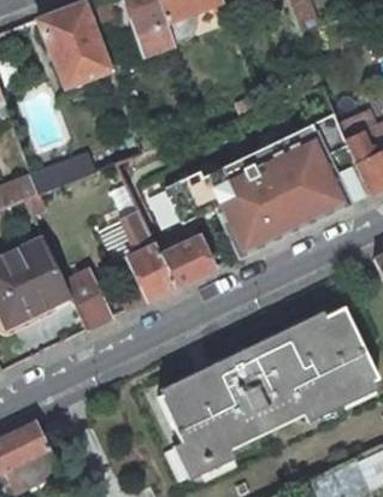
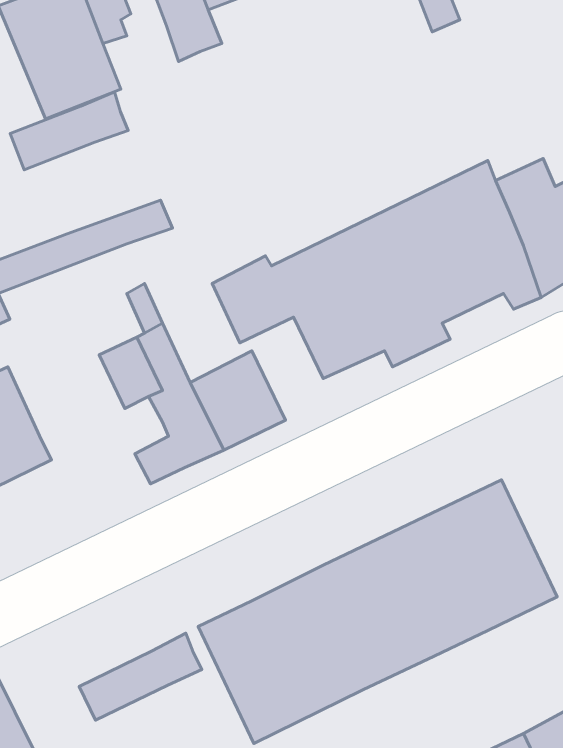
building: none -> [10,92,128,170]
building: [64,271,111,330] -> none
building: none -> [79,633,202,720]

